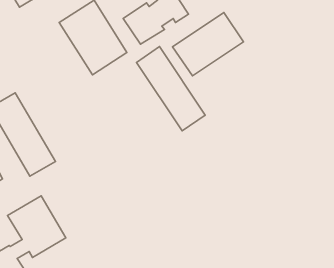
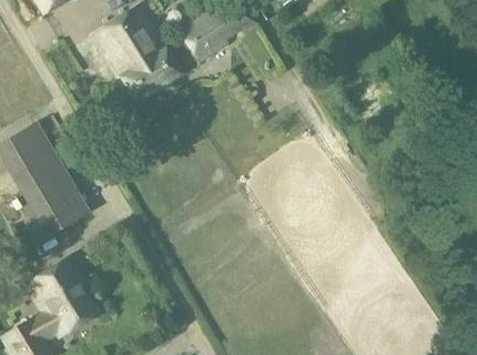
building: [173,13,244,76] -> none
building: [136,47,205,131] -> none

